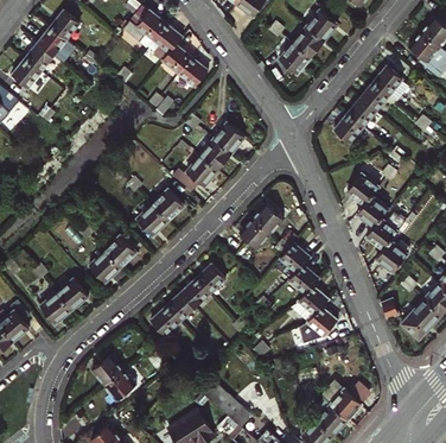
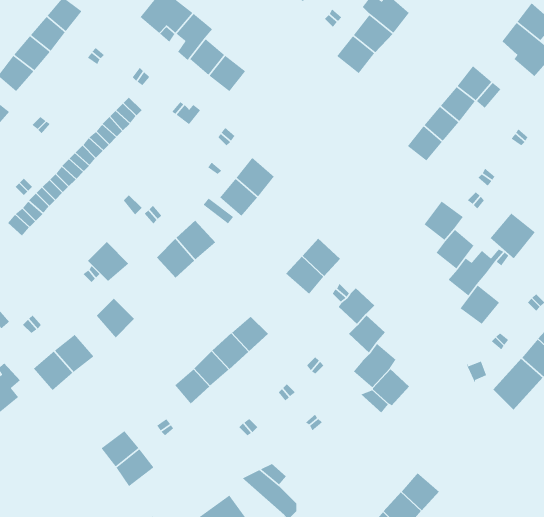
building: [212,121,244,153] -> none
building: none -> [490,213,536,260]
building: [103,234,136,266] -> [87,241,129,282]

